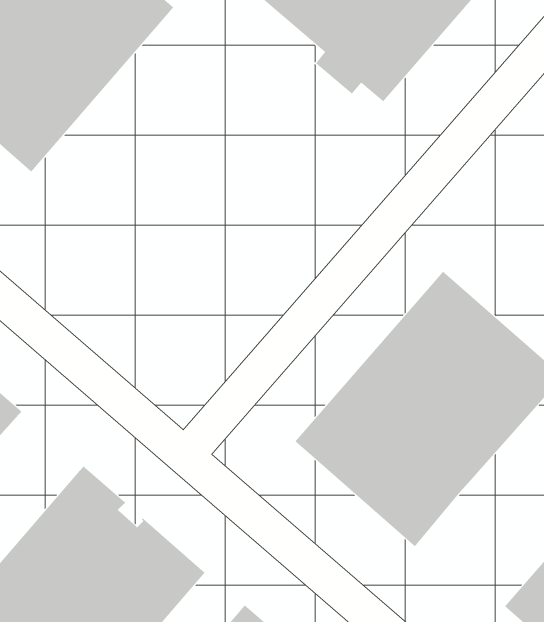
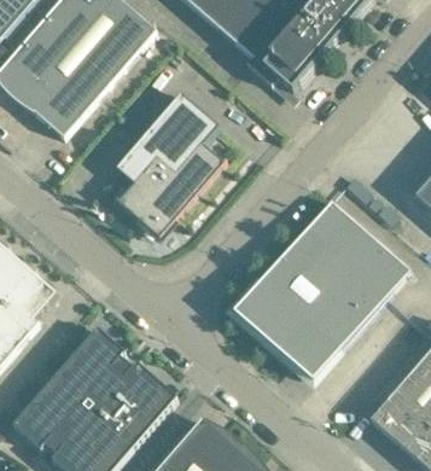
building: none -> [116,93,226,238]

